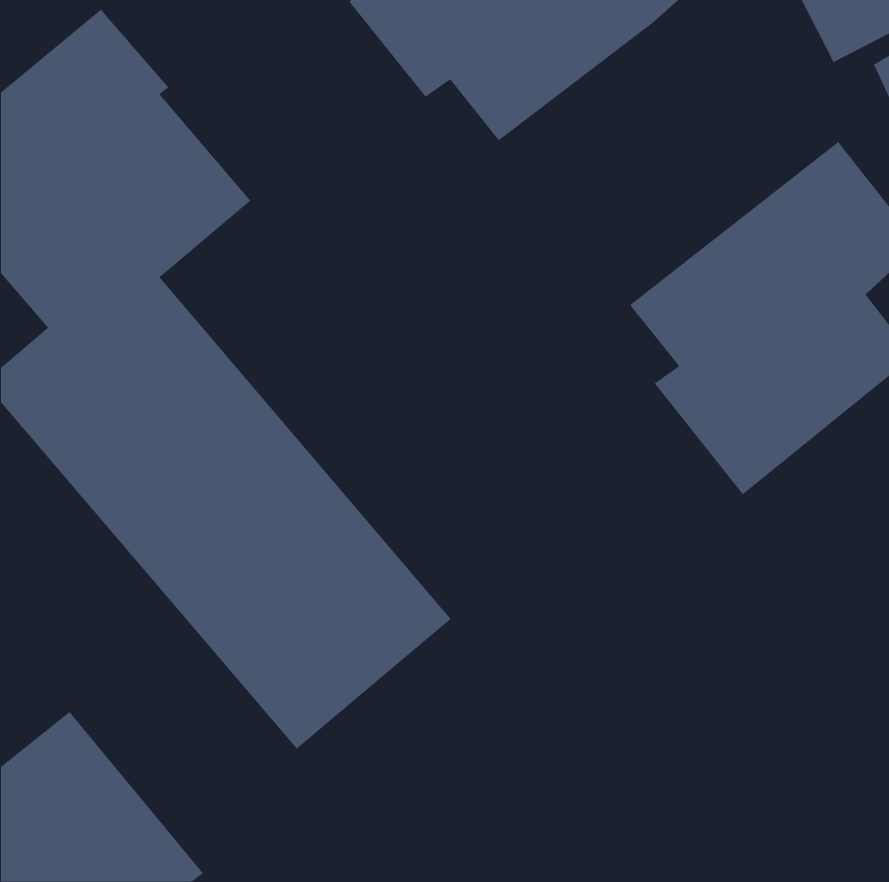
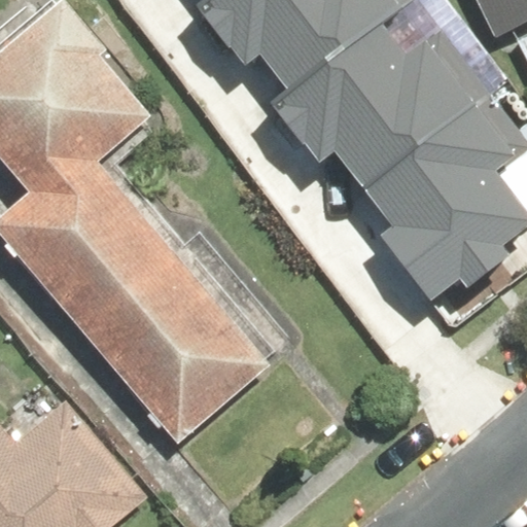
building: none -> [283,13,496,180]

